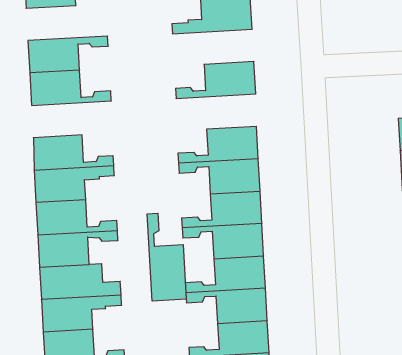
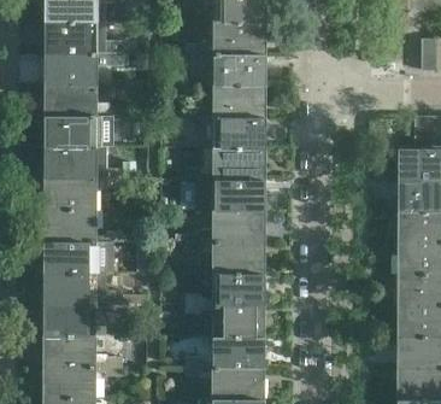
building: none -> [46,24,123,55]
building: none -> [186,57,263,88]
building: none -> [184,119,263,151]
building: none -> [46,118,123,150]
building: [147,213,186,301] -> none

